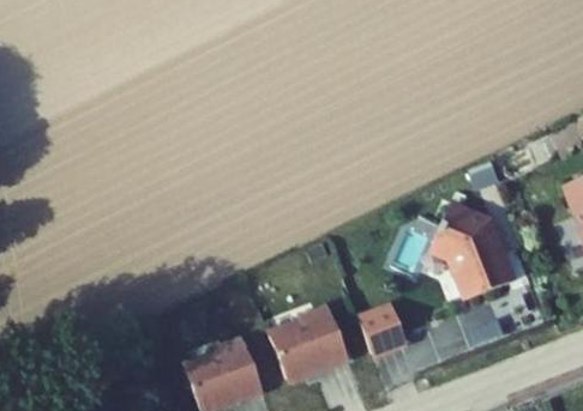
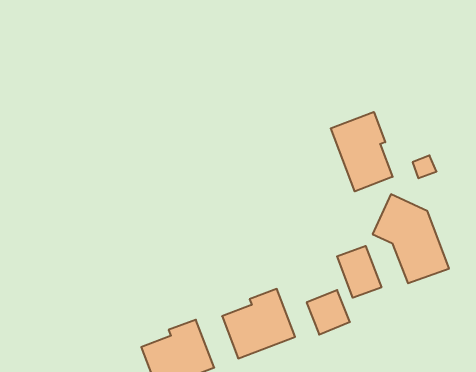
building: none -> [331,112,393,191]
building: none -> [337,246,381,298]

